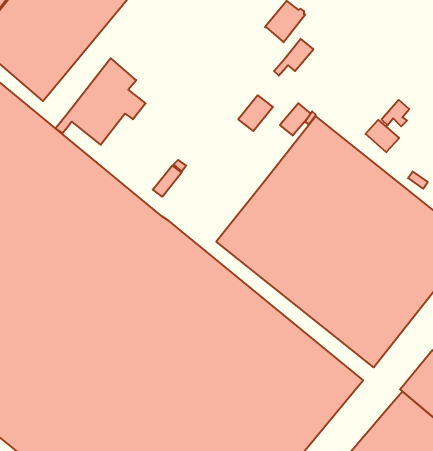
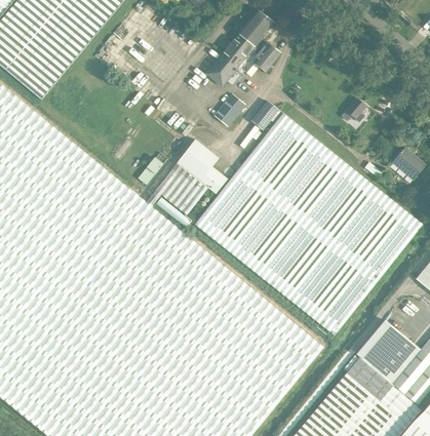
building: none -> [205,34,253,86]
building: [55,58,146,145] -> [146,140,226,216]
building: [365,120,399,152] -> none

